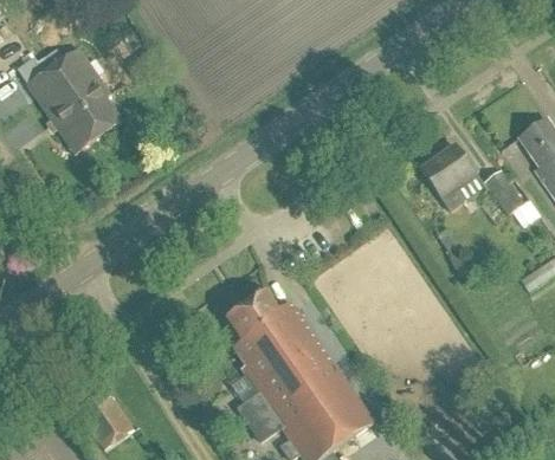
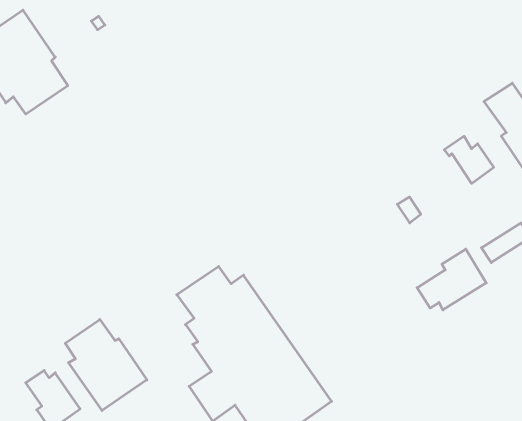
building: [419,142,476,208] -> none
building: none -> [417,249,486,310]
building: none -> [65,319,147,411]

